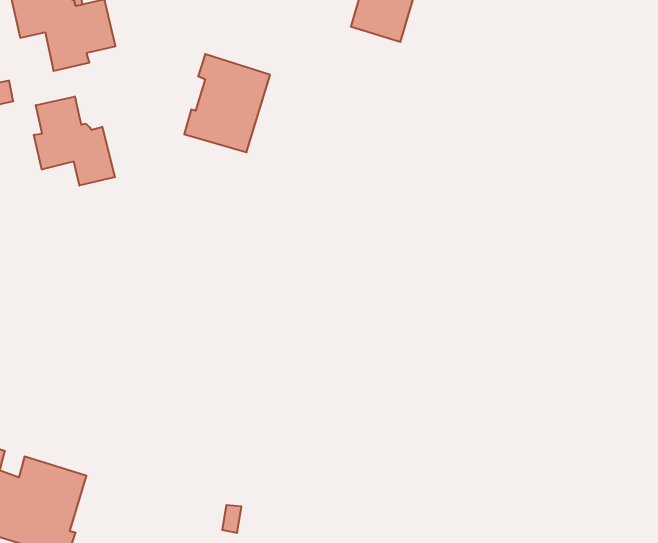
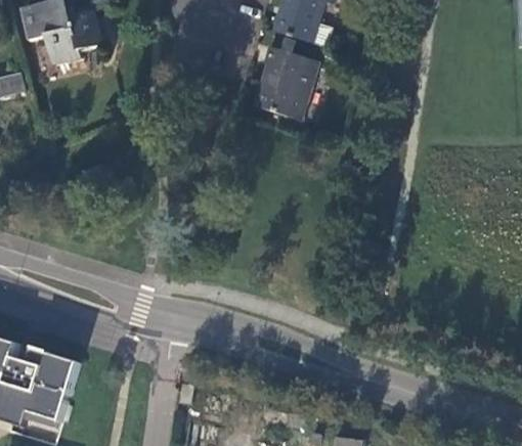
building: [184,54,270,152] -> [254,46,317,119]
building: [34,96,115,186] -> none

